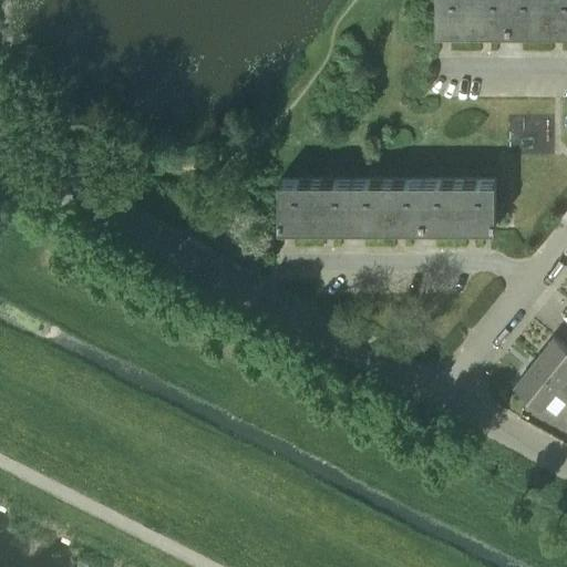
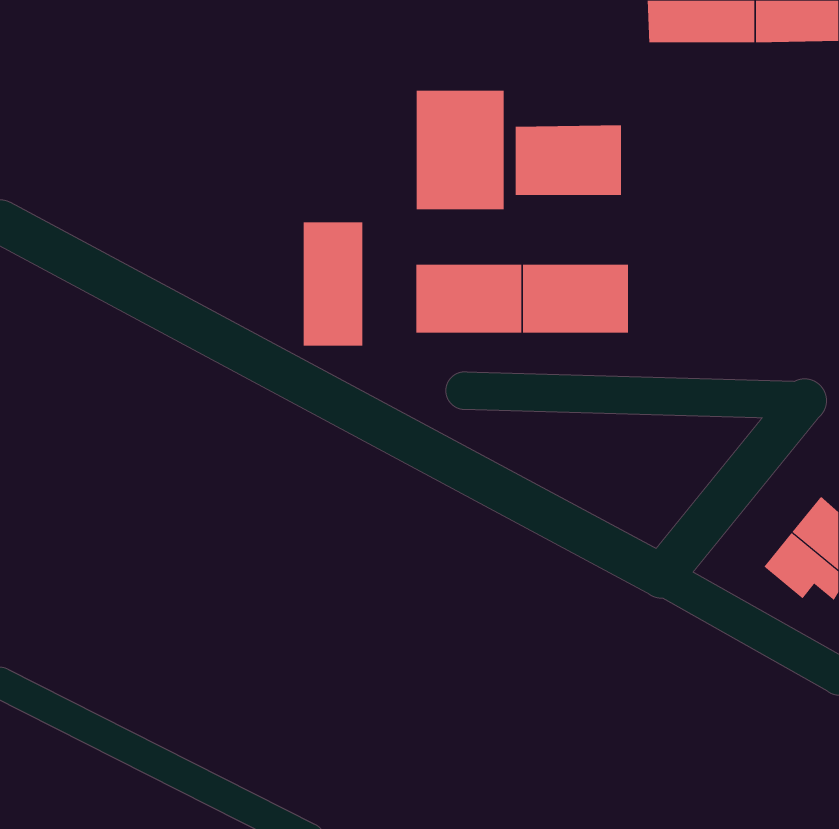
building: none -> [416,90,504,210]
building: none -> [303,221,363,346]
building: [424,184,496,231] -> [515,125,622,195]

